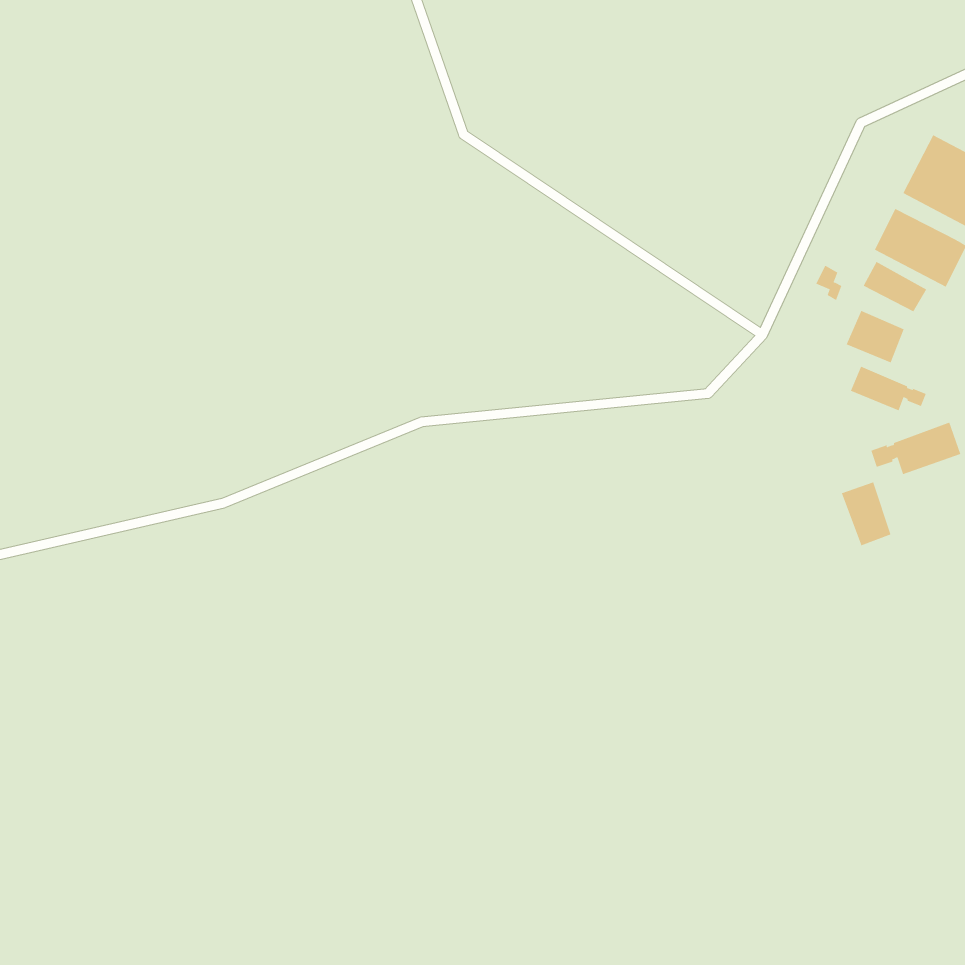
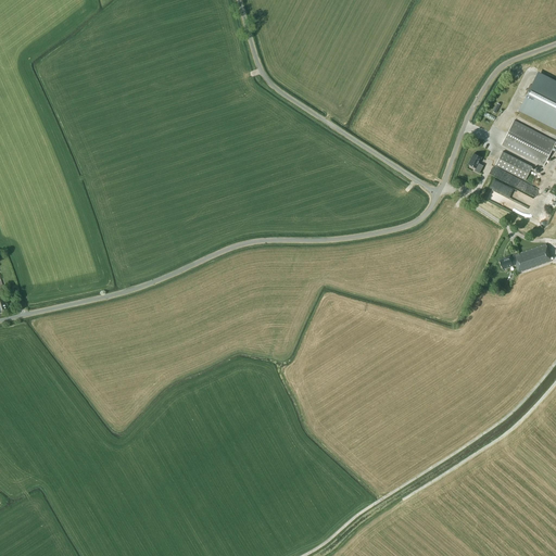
building: [850,366,926,411] -> none
building: [841,481,891,546] -> none

